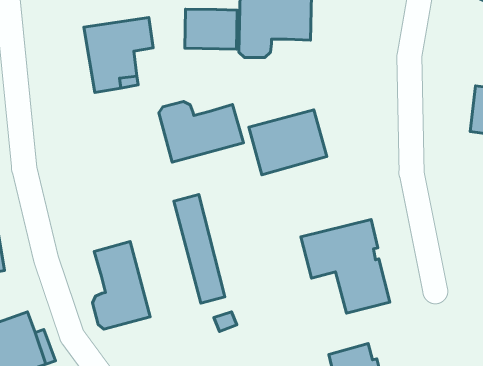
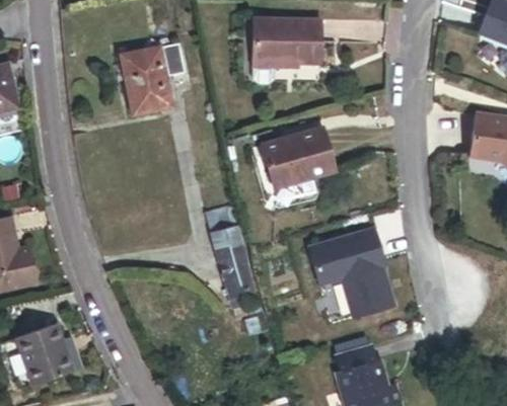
building: [185,9,237,49] -> none
building: [159,102,243,162] -> none
building: [93,241,150,329] -> none

